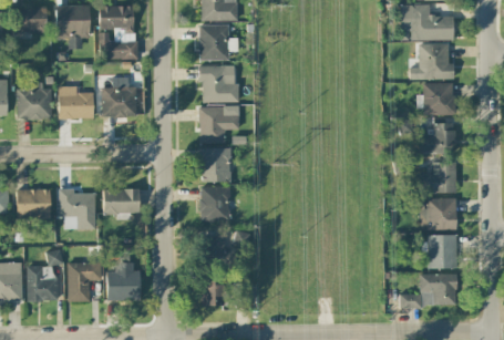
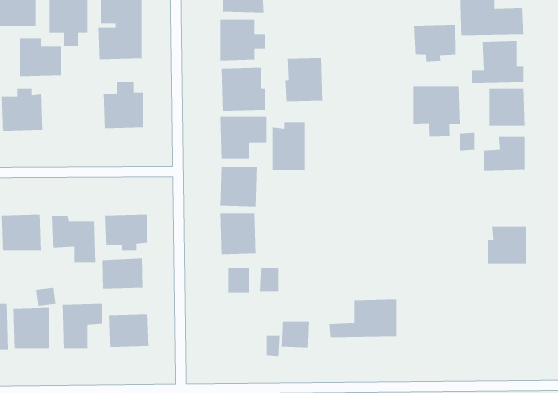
building: none -> [413,24,456,62]
building: none -> [285,57,323,102]
building: none -> [412,85,461,137]
building: [59,86,94,120] -> [19,38,62,77]
building: none -> [272,121,305,171]
building: [419,162,456,193] -> none
building: none -> [101,257,144,289]
building: [428,235,457,269] -> none
building: [399,274,456,307] -> [328,298,397,338]
building: [203,282,227,306] -> [281,321,310,349]

